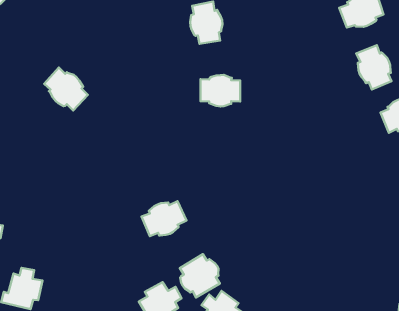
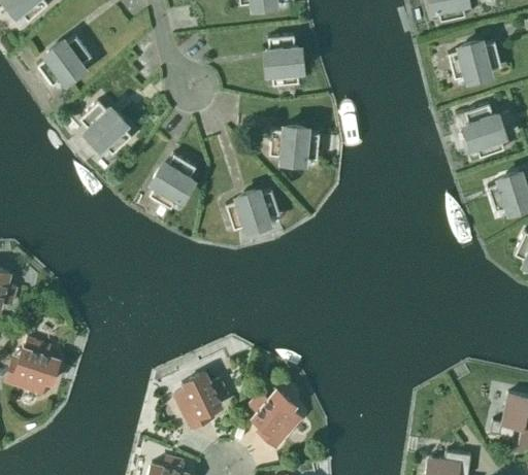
building: none -> [37,36,92,87]
building: none -> [148,155,196,209]
building: [142,201,187,236] -> [226,190,280,230]
building: [180,254,220,297] -> none

